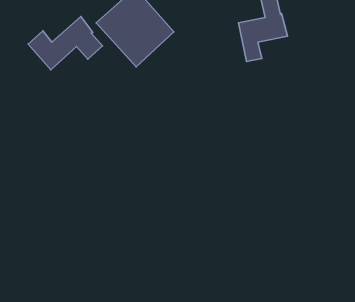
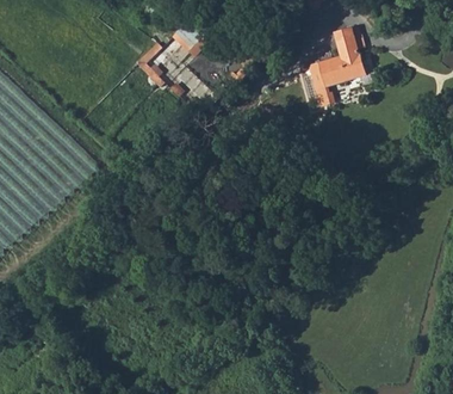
building: [28,16,103,70] -> none

